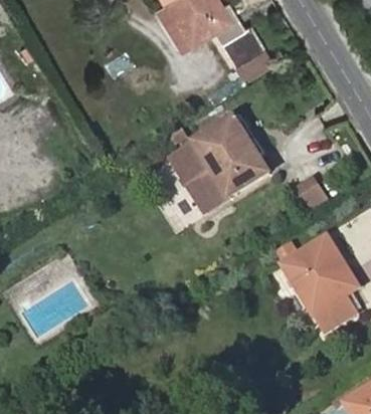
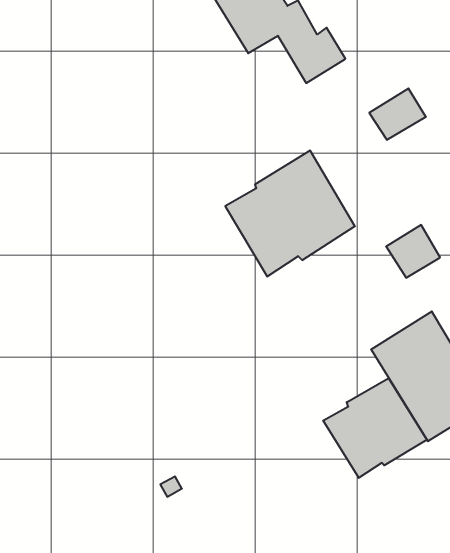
building: [230,46,272,84] -> [369,88,426,140]
building: none -> [323,378,427,478]

